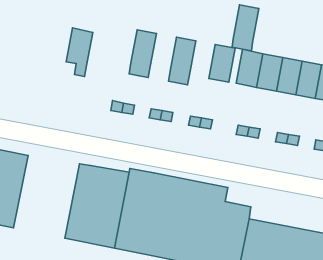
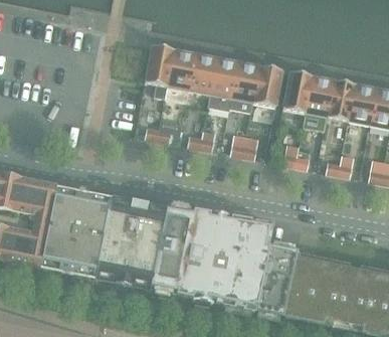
building: [232,5,259,51] -> [232,62,261,113]
building: [66,28,93,76] -> [147,45,176,99]
building: none -> [190,54,219,96]
building: none -> [40,186,113,279]

